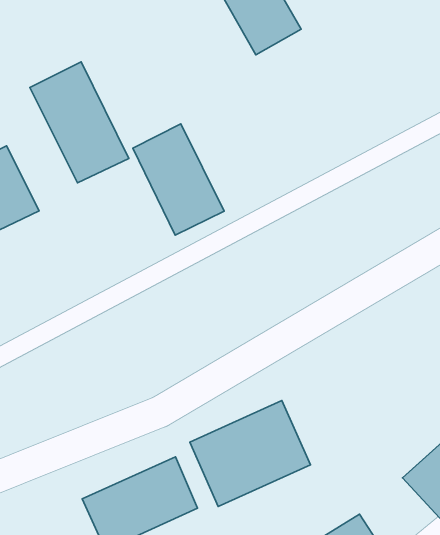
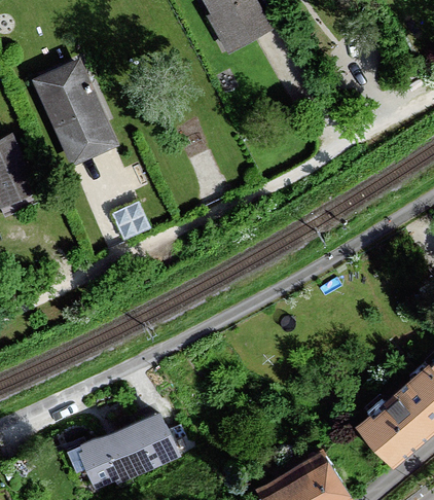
building: [133,124,224,235] -> none
building: [190,401,310,506] -> none

